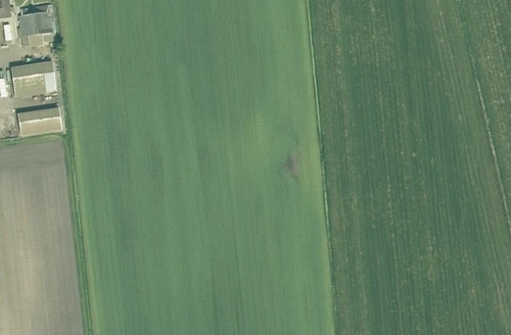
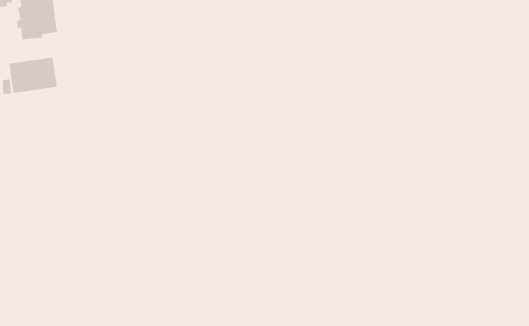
building: [17,108,61,135] -> none

